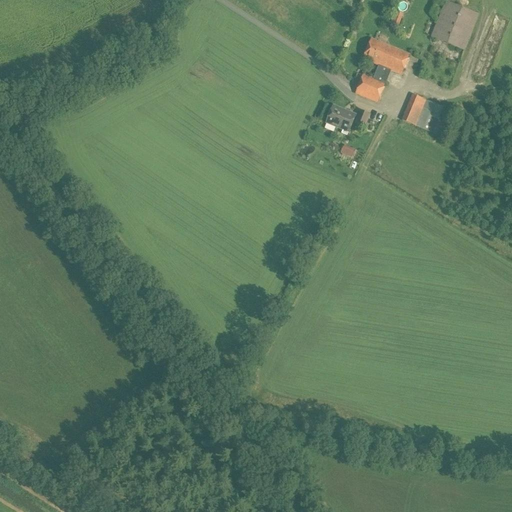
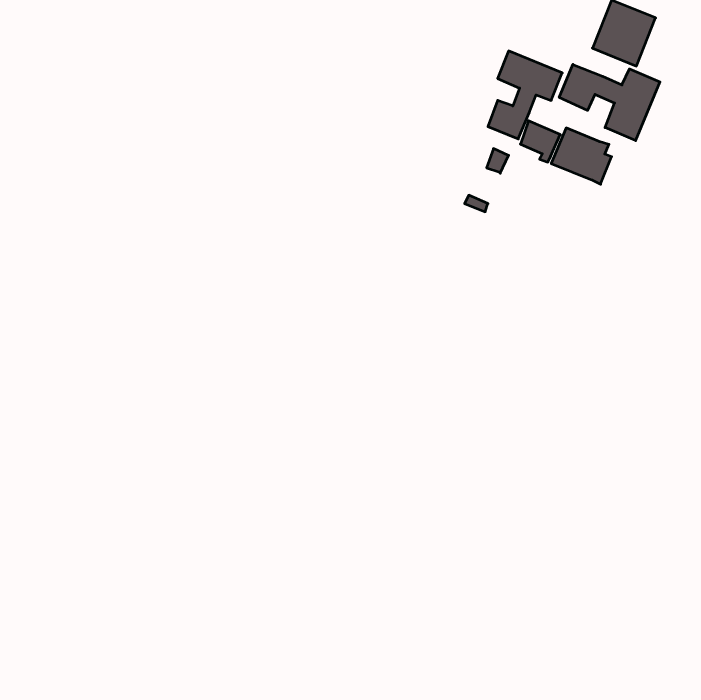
building: none -> [559,64,660,141]
building: [326,104,355,134] -> [520,121,560,162]

